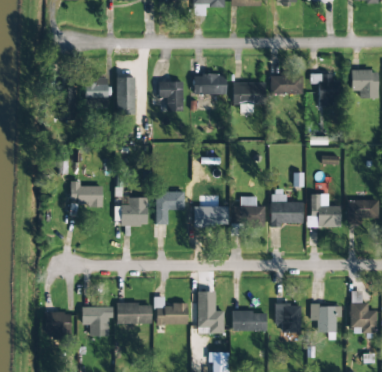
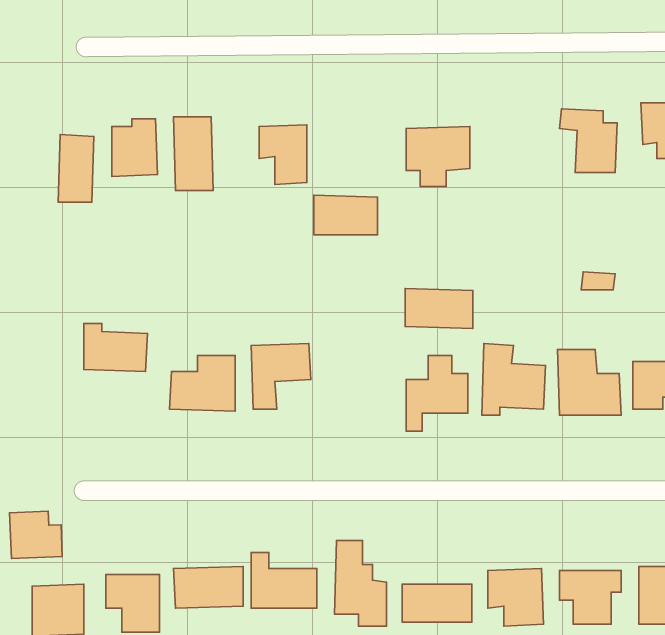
building: [194,74,226,94] -> [314,195,378,235]
building: [270,75,303,94] -> none
building: [194,206,228,226] -> [405,289,473,328]
building: none -> [10,511,62,558]

